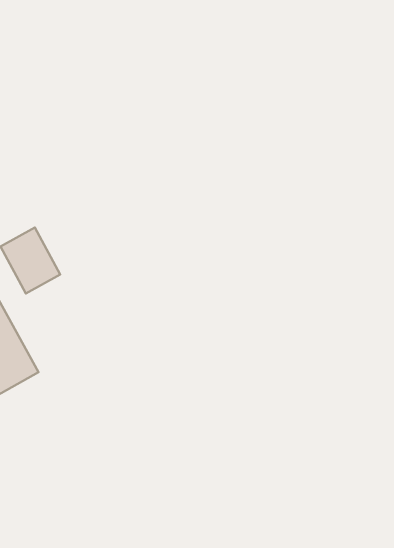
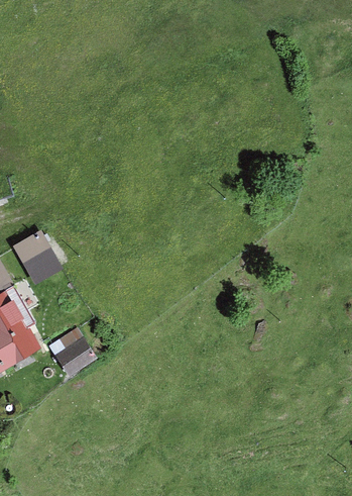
building: none -> [50,338,91,377]

